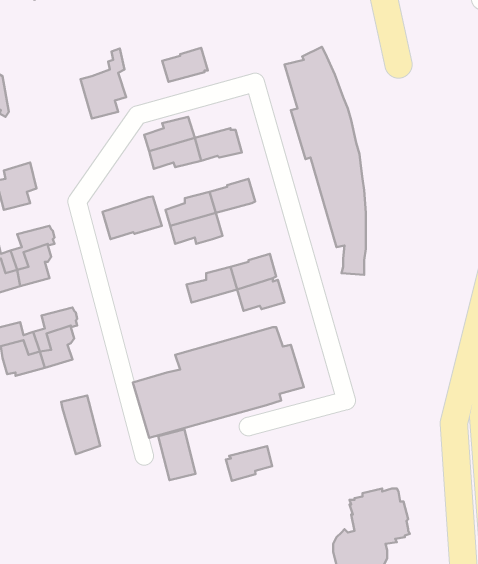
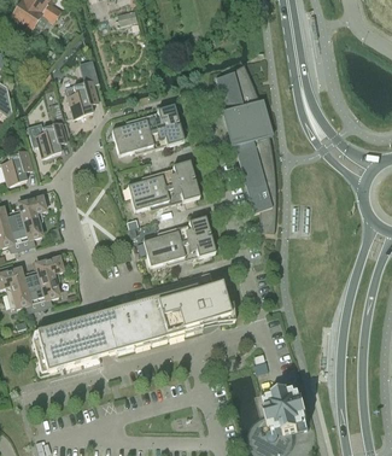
building: [162,48,208,82] -> [144,106,177,131]
building: none -> [27,122,66,157]
building: [103,197,162,239] -> none
building: none -> [164,180,199,204]
building: none -> [146,244,185,265]
building: none -> [31,332,60,370]
building: [158,428,196,480] -> [70,321,98,359]
building: [226,446,272,481] -> none

